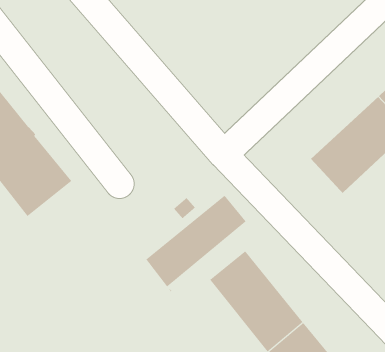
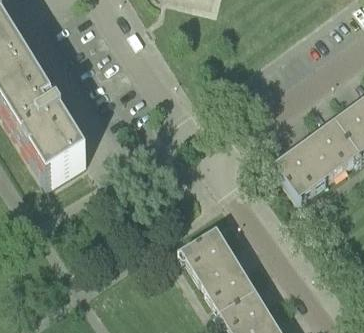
building: [145,195,251,292] -> none

